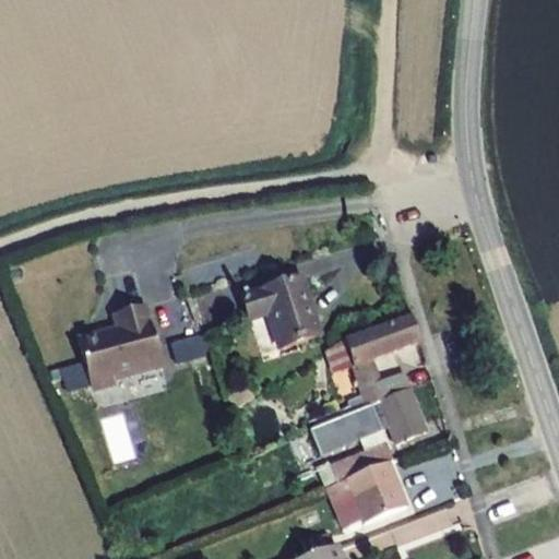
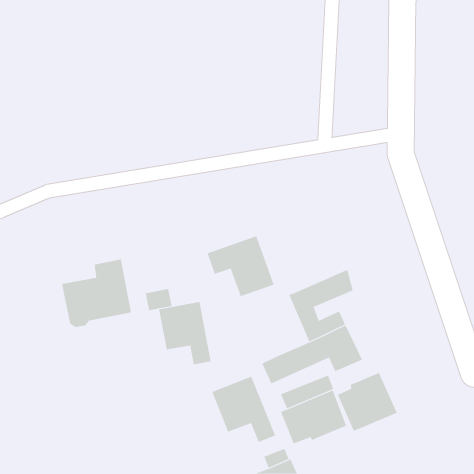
building: none -> [159,301,211,365]
building: none -> [337,372,398,432]
building: none -> [211,376,276,443]

